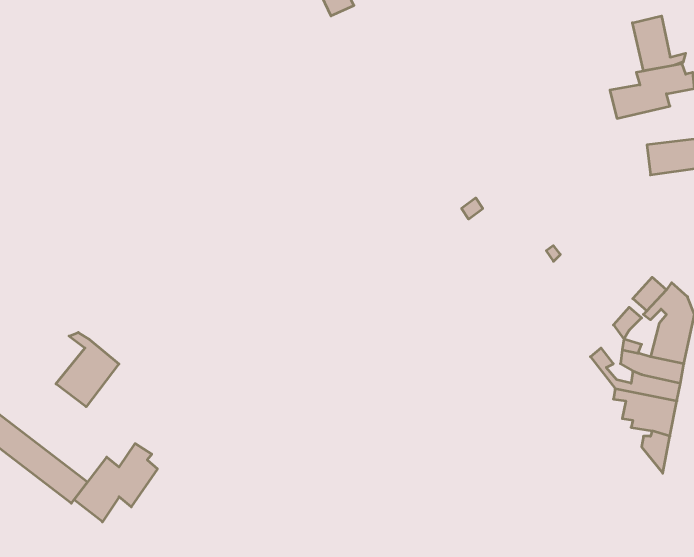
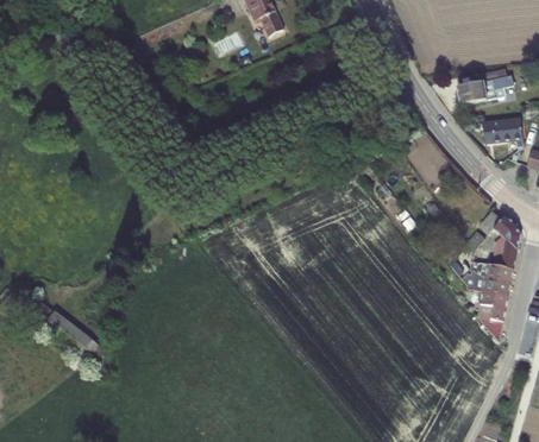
building: [632,16,686,71] -> none
building: [56,332,119,407] -> none
building: [74,444,157,522] -> none

